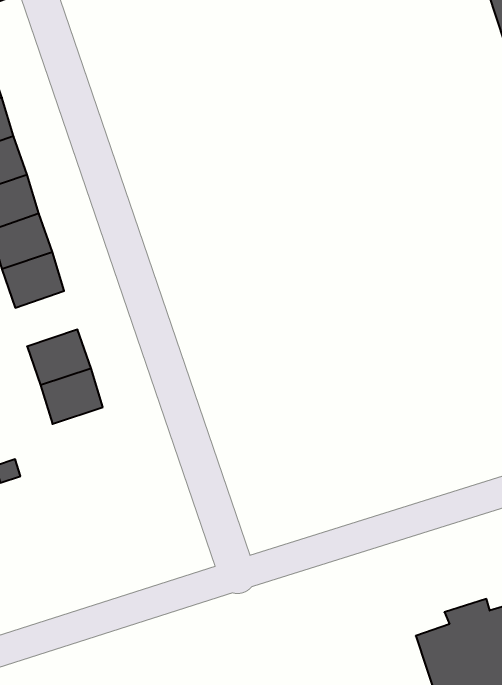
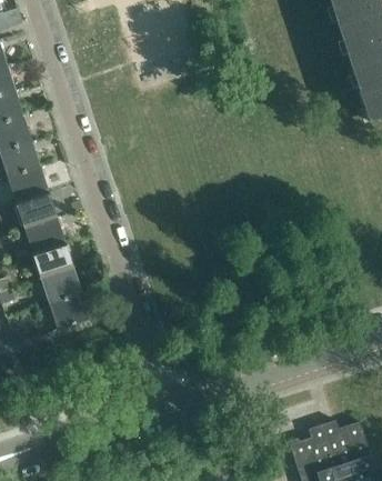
building: none -> [24,217,66,253]
building: none -> [39,293,91,329]

